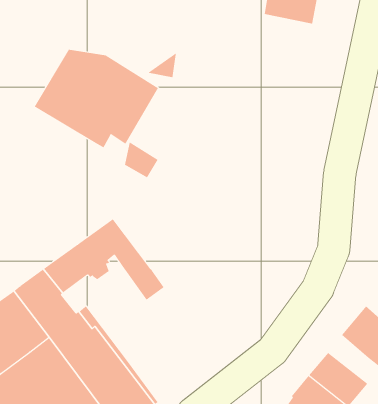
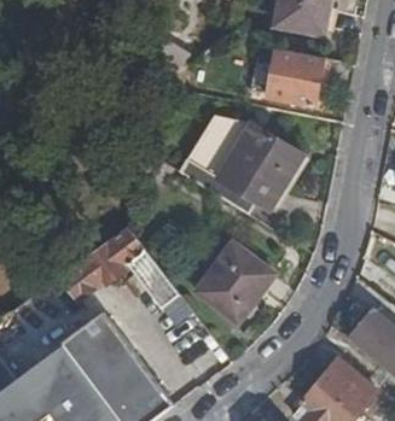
building: none -> [269,51,325,110]
building: [34,49,159,148] -> [180,118,303,216]
building: none -> [196,245,274,323]

